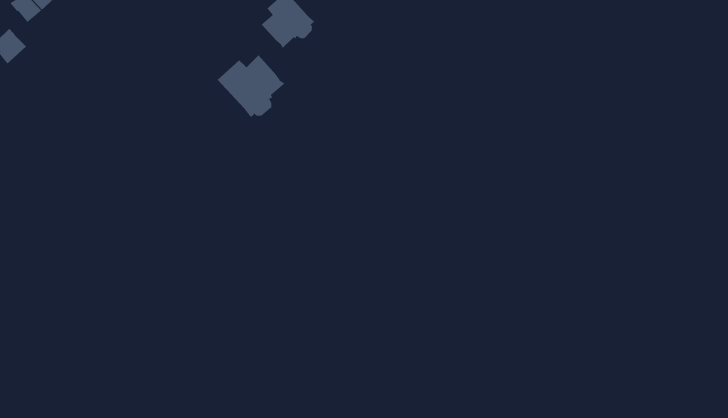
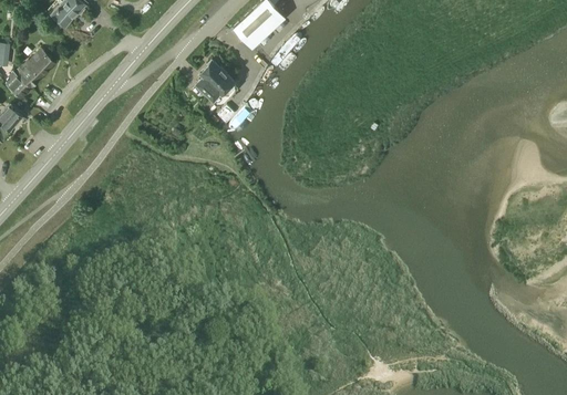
building: [217,55,285,118] -> none

